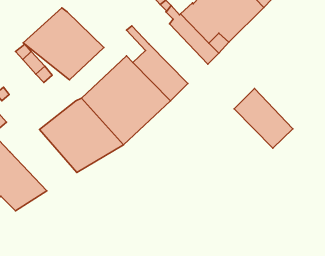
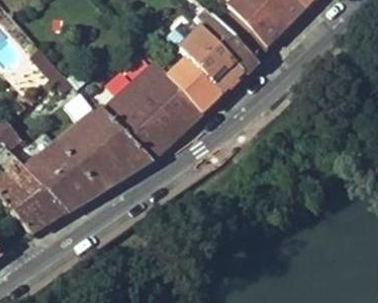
building: [23,8,104,80] -> none
building: [234,89,293,148] -> [178,27,243,93]
building: none -> [24,144,98,212]

